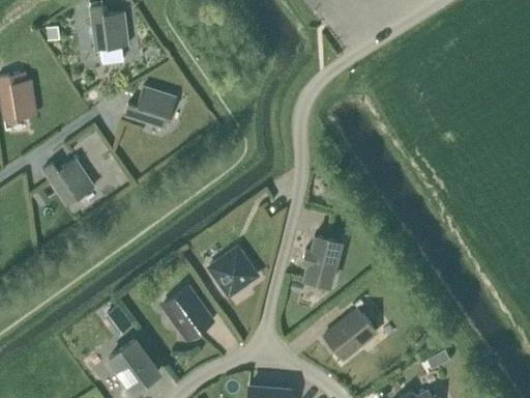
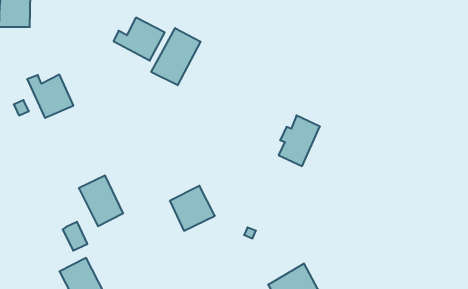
building: none -> [151,28,201,85]
building: [302,235,341,286] -> [279,115,320,166]
building: [163,287,212,340] -> [79,176,123,226]

